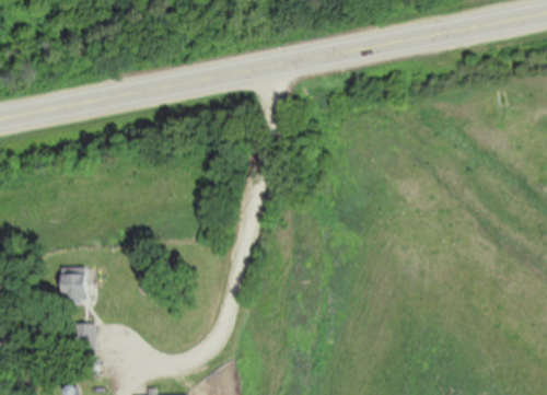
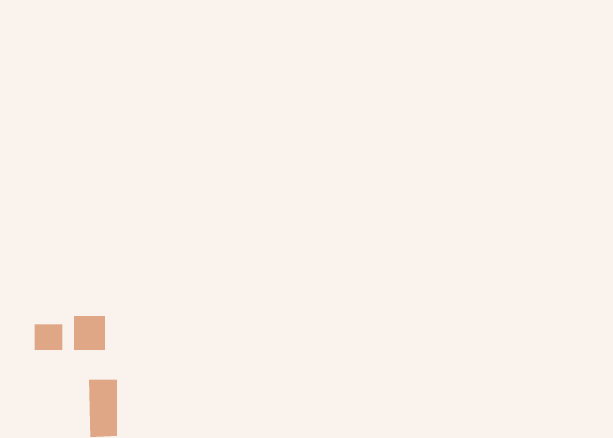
building: none -> [34,324,63,351]

